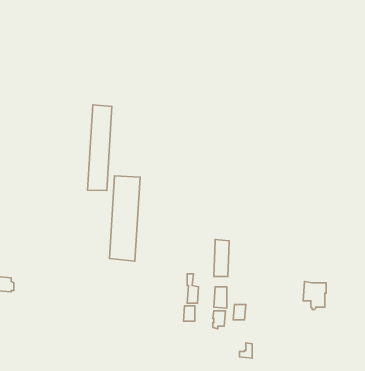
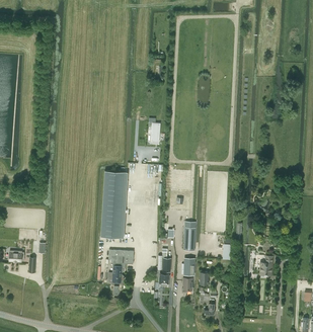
building: [88,105,112,190] -> none
building: none -> [108,250,133,281]

